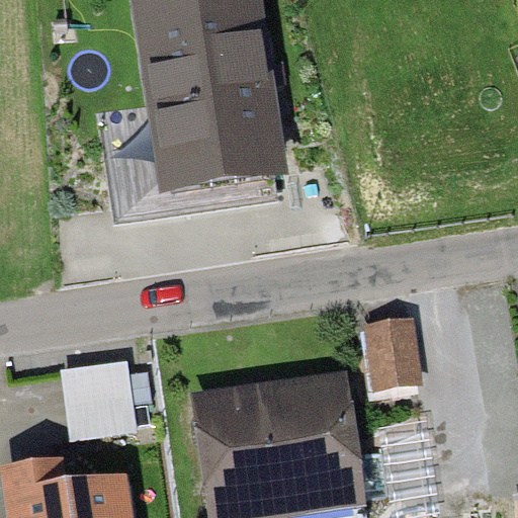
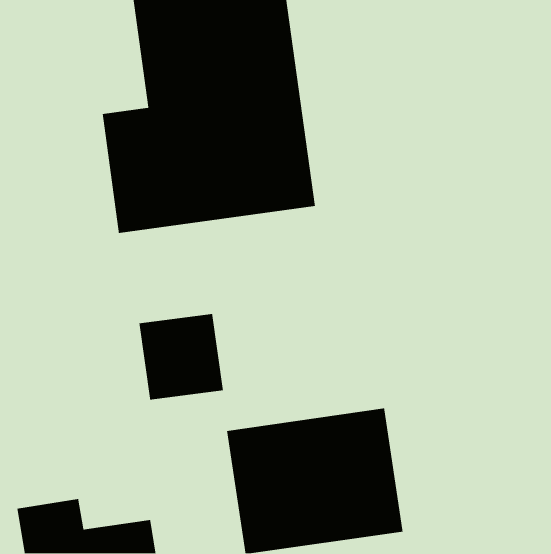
building: [356,315,419,394] -> none
building: [55,358,134,439] -> [139,313,224,401]

